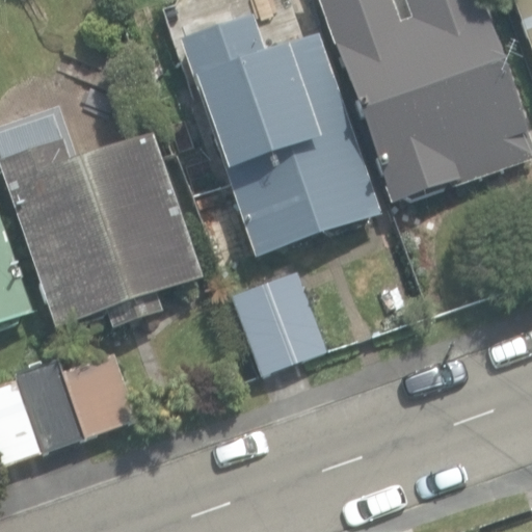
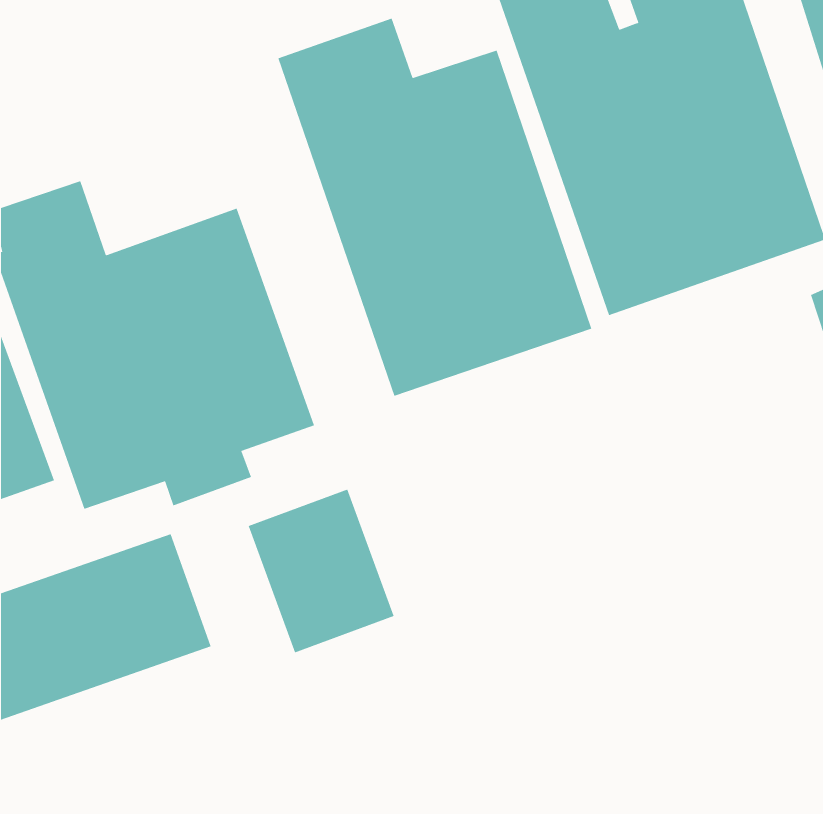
building: [230,270,324,376] -> [248,489,395,653]

